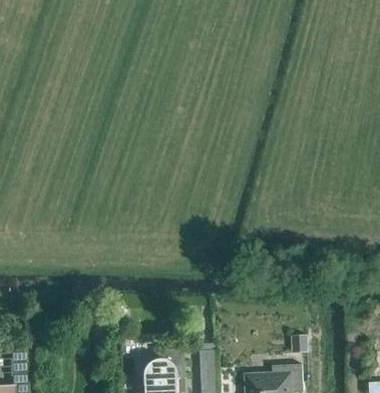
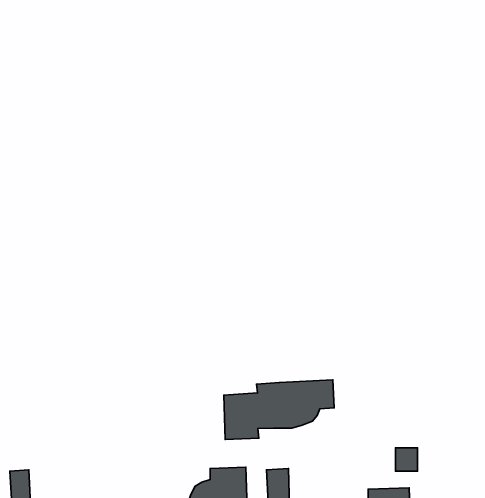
building: none -> [224,380,334,439]

